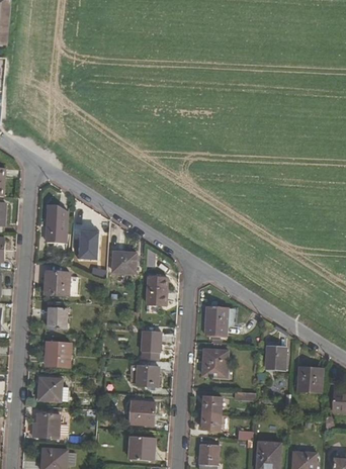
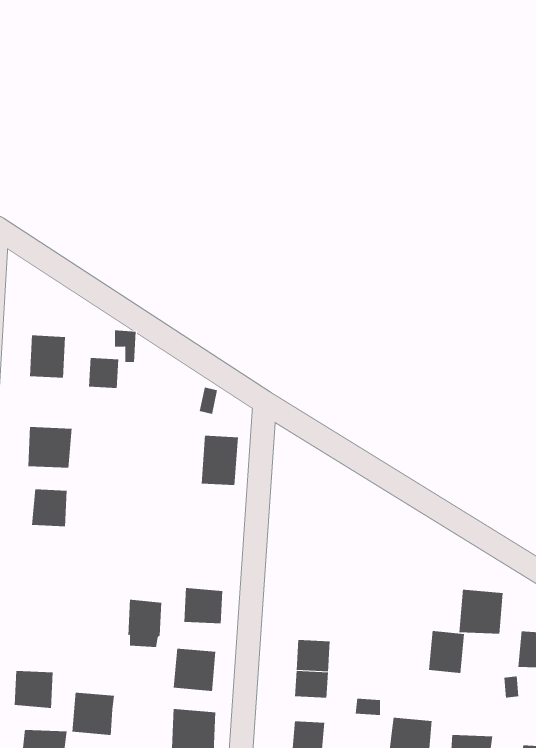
building: [111,251,136,273] -> none
building: [204,306,229,335] -> none
building: [141,330,161,358] -> [128,599,162,648]
building: [44,342,71,366] -> none
building: [265,345,286,370] -> [428,630,465,674]
building: [202,348,228,377] -> none
building: [37,376,63,401] -> [72,692,115,735]

